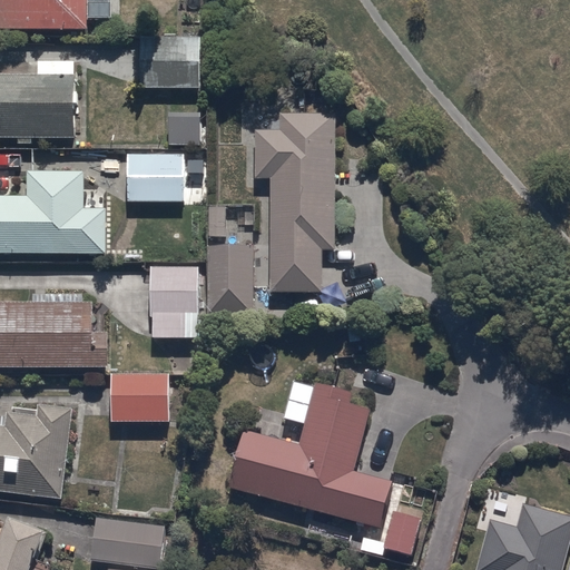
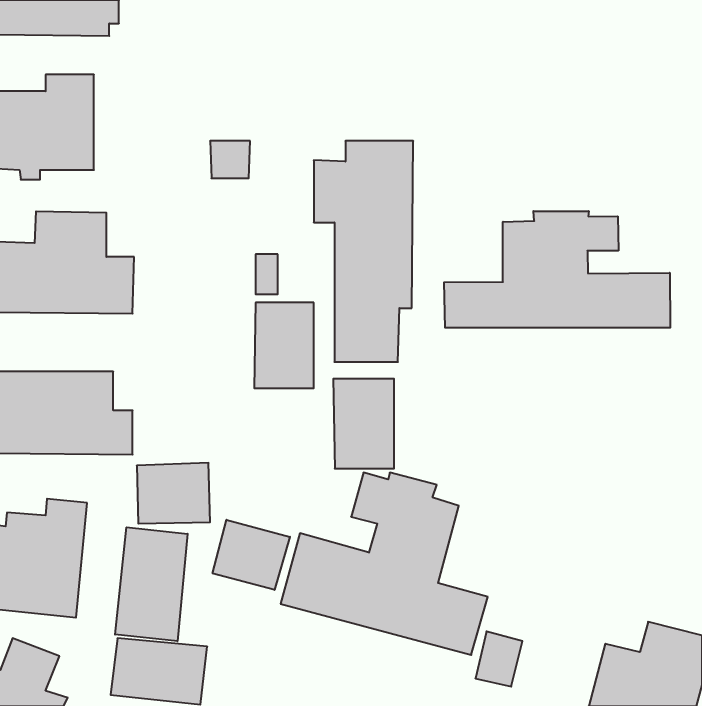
building: [141,35,203,87] -> none
building: [127,153,185,202] -> none
building: none -> [444,211,670,328]
building: [149,266,198,338] -> [333,379,394,469]
building: none -> [213,520,290,590]
building: none -> [115,527,188,641]

